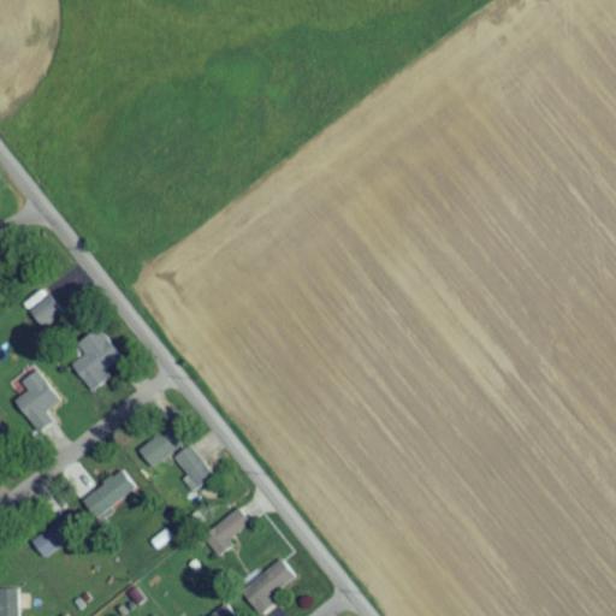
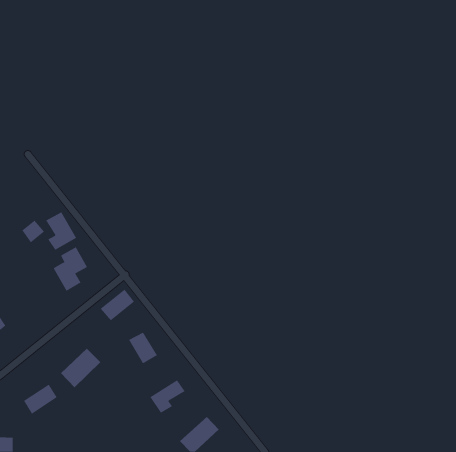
building: none -> [46,211,77,250]
building: [12,375,60,428] -> none
building: [137,425,184,468] -> [100,289,135,321]

